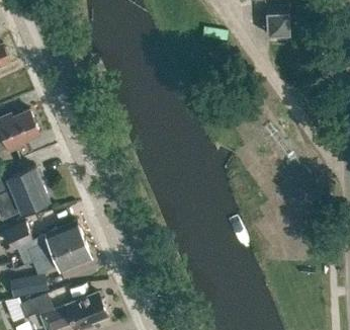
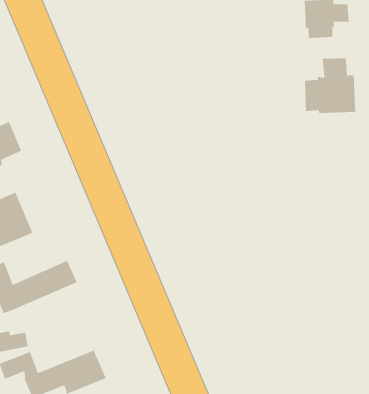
building: none -> [304,58,356,114]
building: [33,240,93,274] -> none

